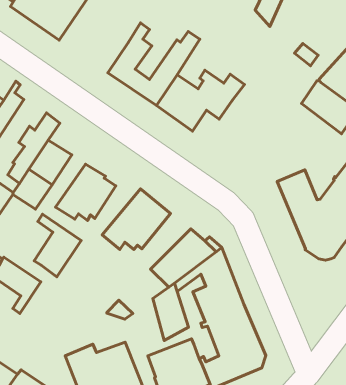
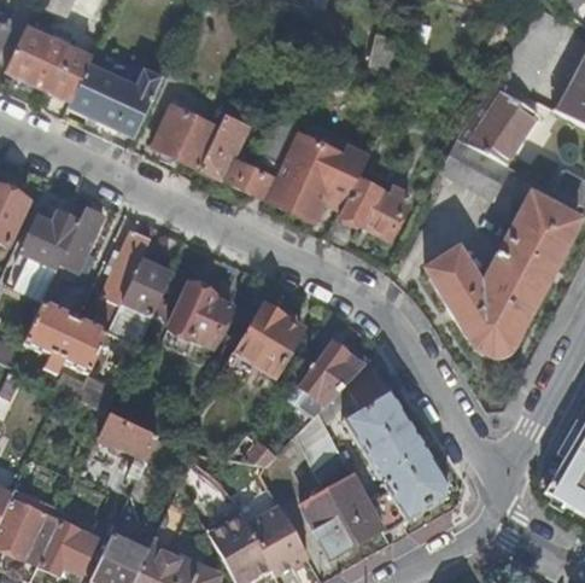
building: none -> [153,105,220,168]
building: none -> [339,177,408,238]
building: [34,214,81,277] -> none

